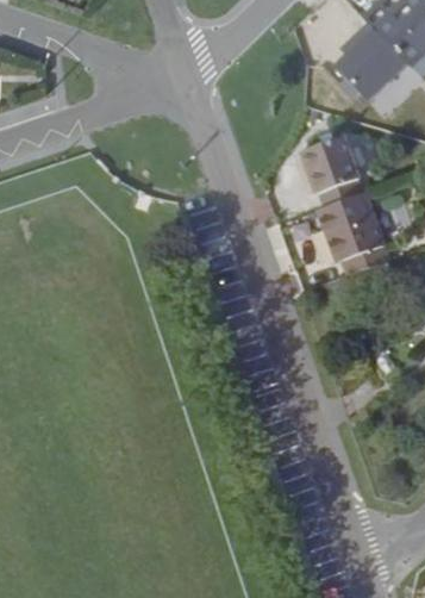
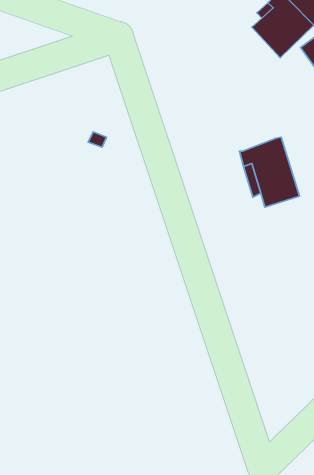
building: [300,135,363,210] -> none

